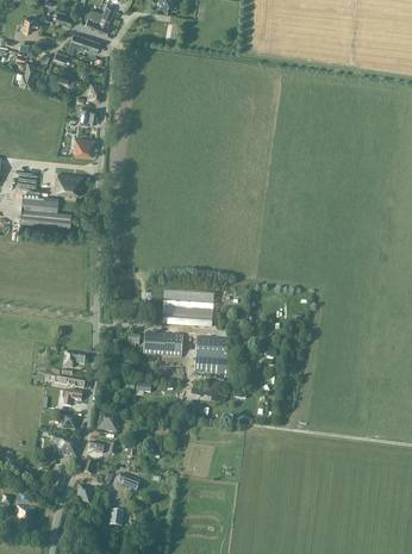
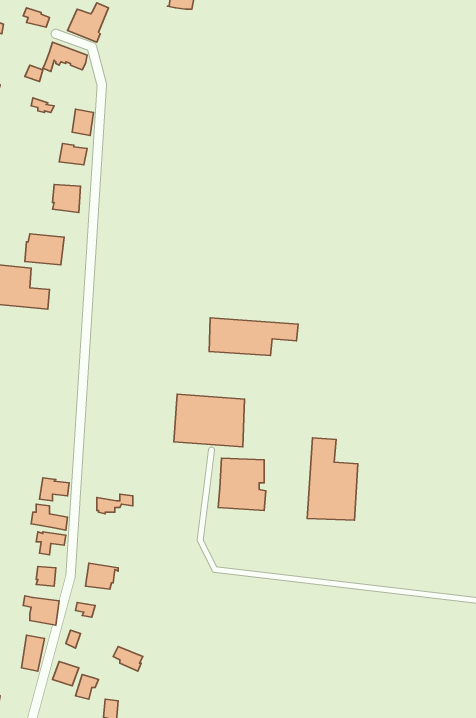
building: none -> [209,318,298,355]
building: none -> [307,438,358,520]
building: [129,331,182,356] -> none

